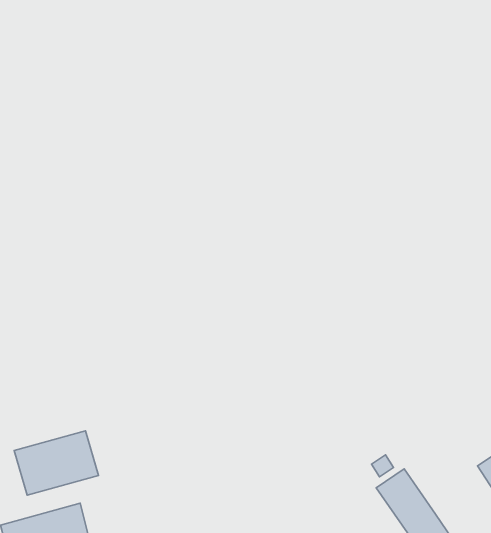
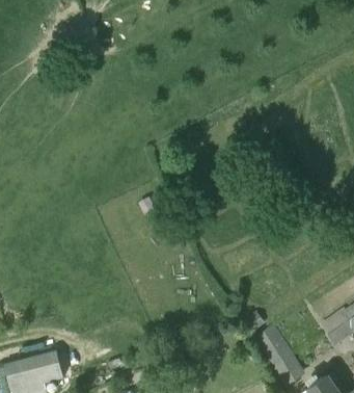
building: [14,431,98,495] -> none

